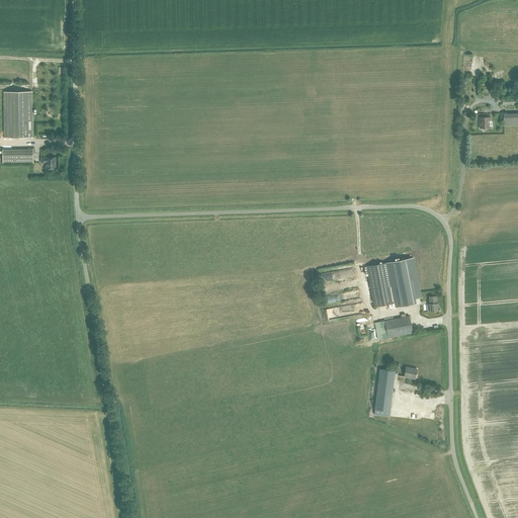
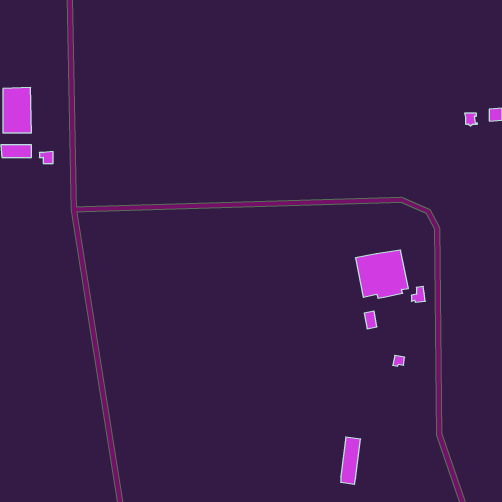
building: [384,315,412,336] -> none
building: [374,367,395,416] -> [341,437,361,484]

